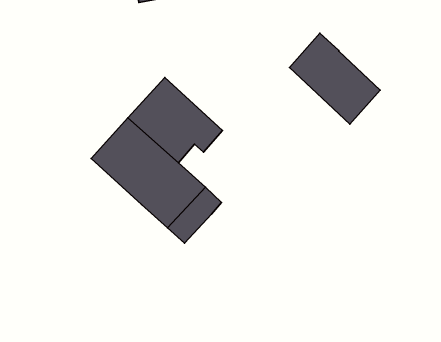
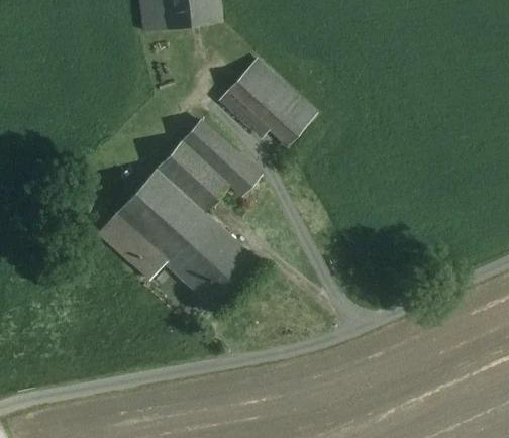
building: [289,33,380,124] -> [216,53,318,155]
building: none -> [90,208,167,283]

